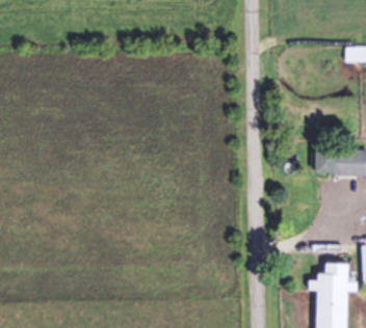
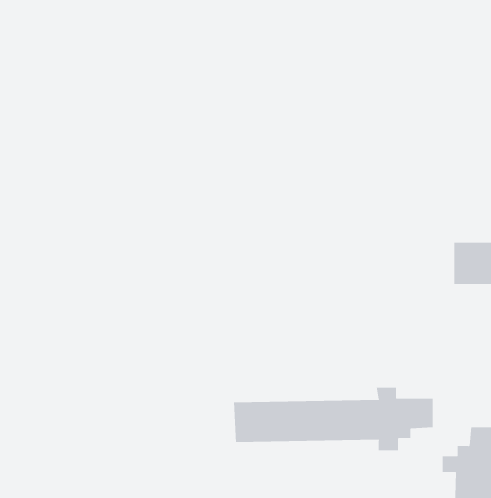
building: none -> [233,387,433,451]

